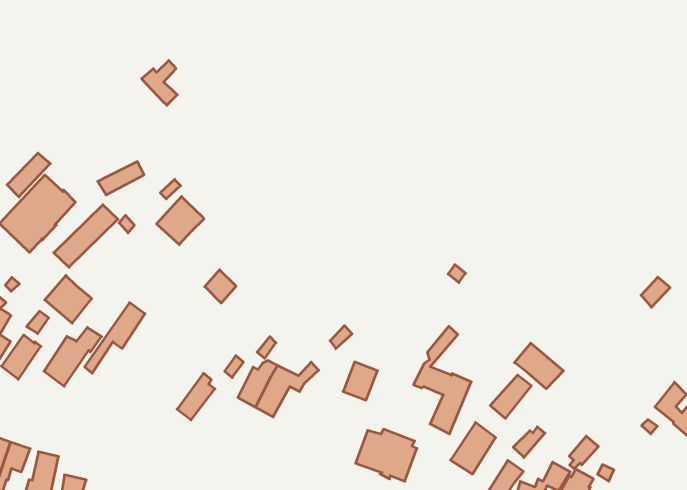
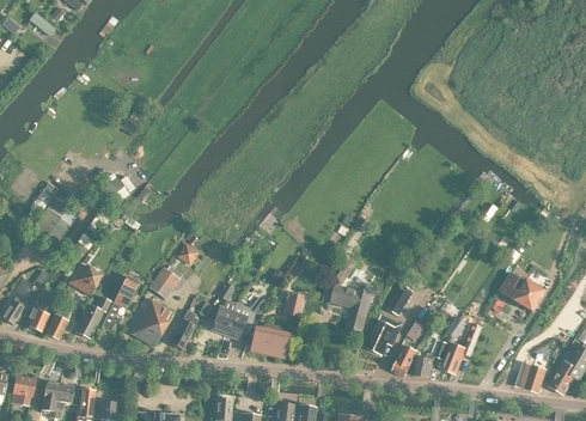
building: [157,196,204,245] -> [148,266,181,299]
building: none -> [132,299,173,347]
building: [514,343,563,389] -> none
building: [356,429,417,481] -> [249,323,289,356]

